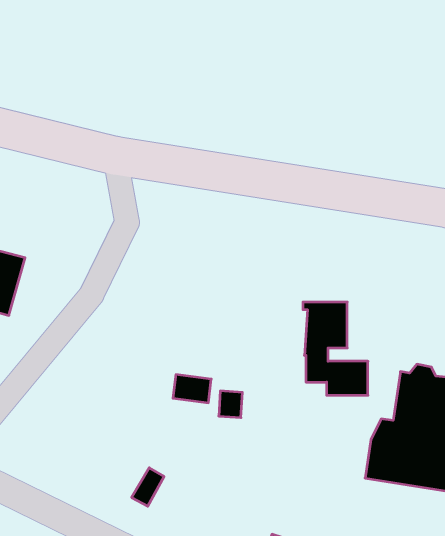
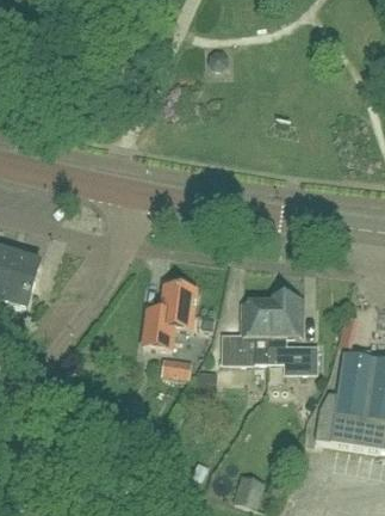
building: none -> [143,283,197,346]
building: none -> [222,301,269,361]

